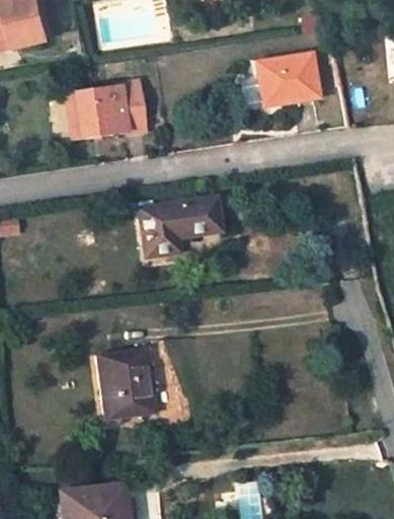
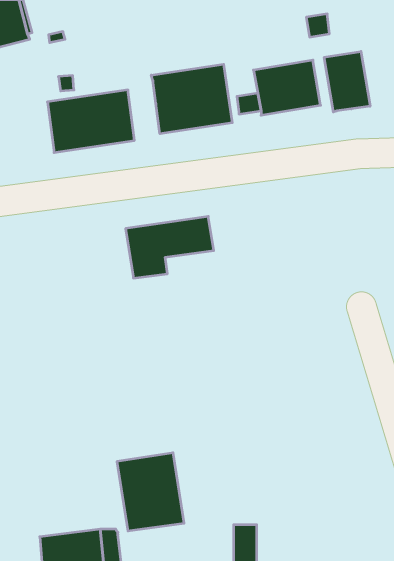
building: none -> [324,51,370,112]
building: none -> [151,64,232,134]
building: [94,349,156,421] -> [117,453,184,531]

